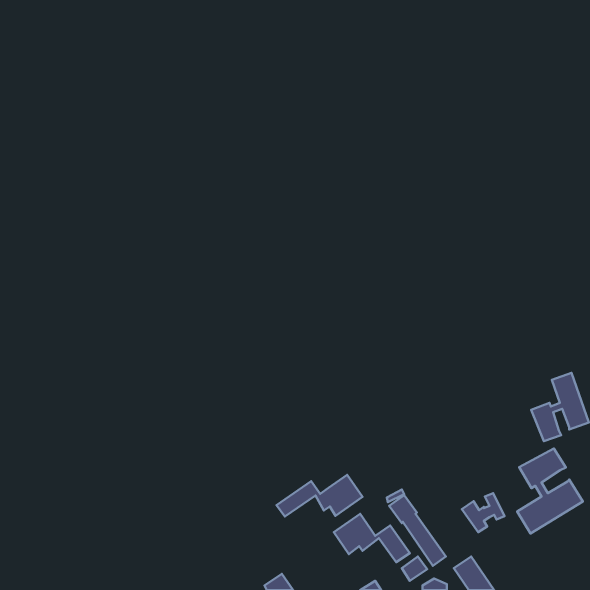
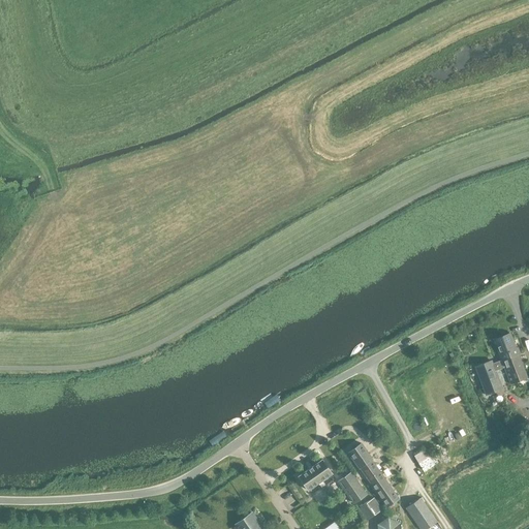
building: [517,448,583,533] -> none
building: [277,475,363,516] -> none

